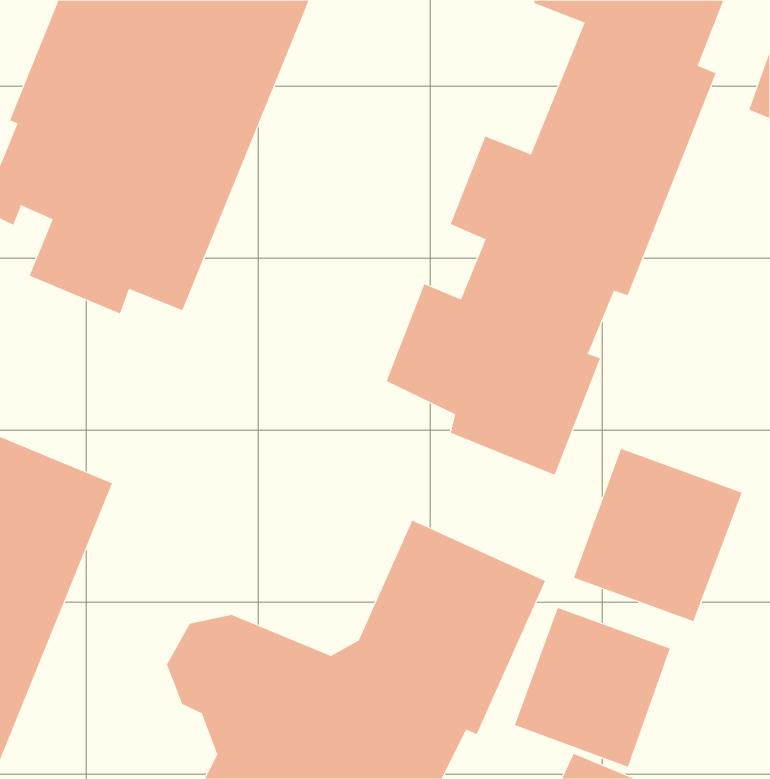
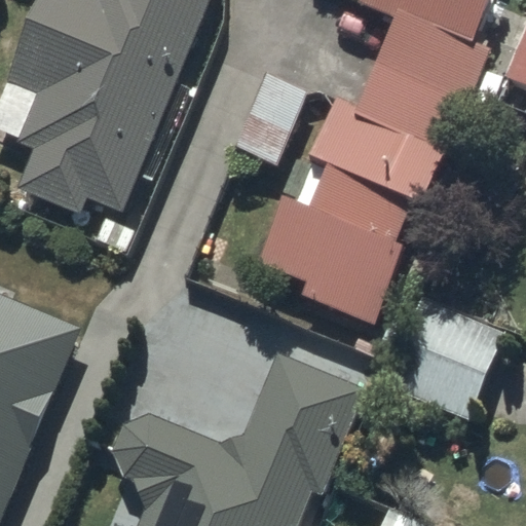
building: [514,607,670,767] -> none

